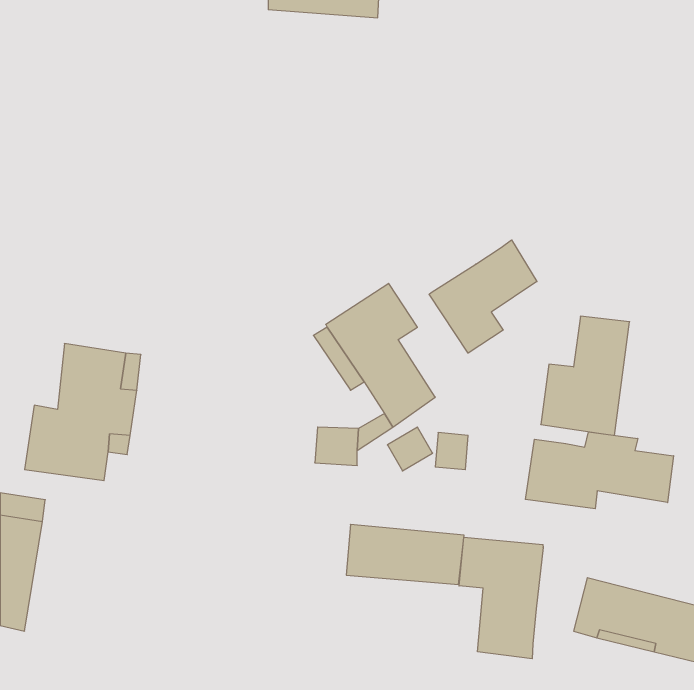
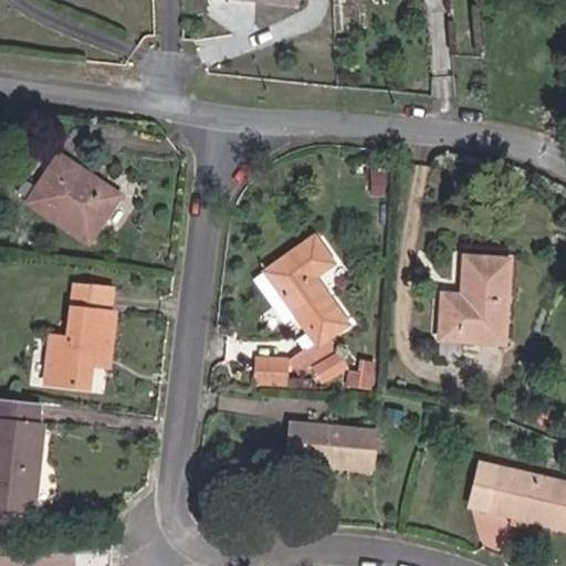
building: none -> [24,151,120,240]
building: [429,240,537,353] -> none
building: [525,432,674,509] -> none
building: [459,537,543,659] -> none

